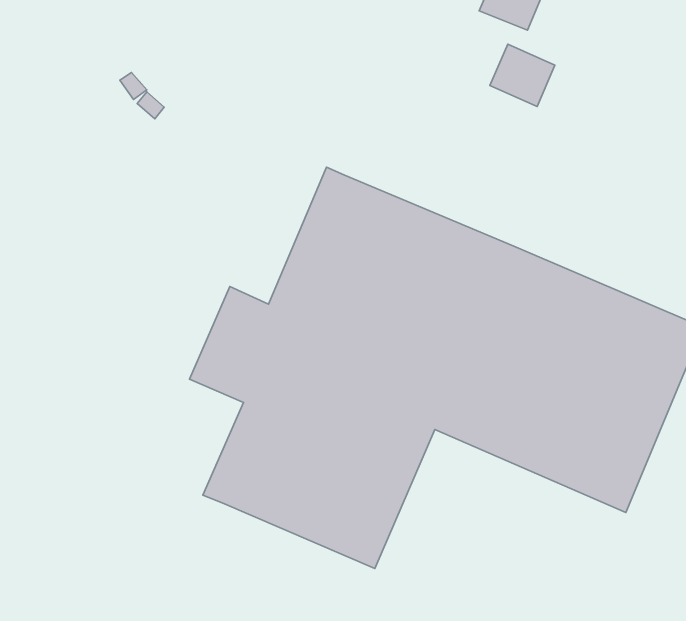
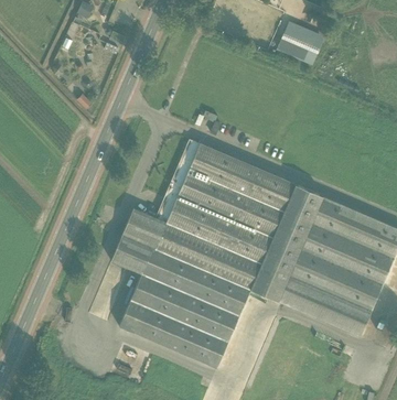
building: [490,44,555,107] -> none

